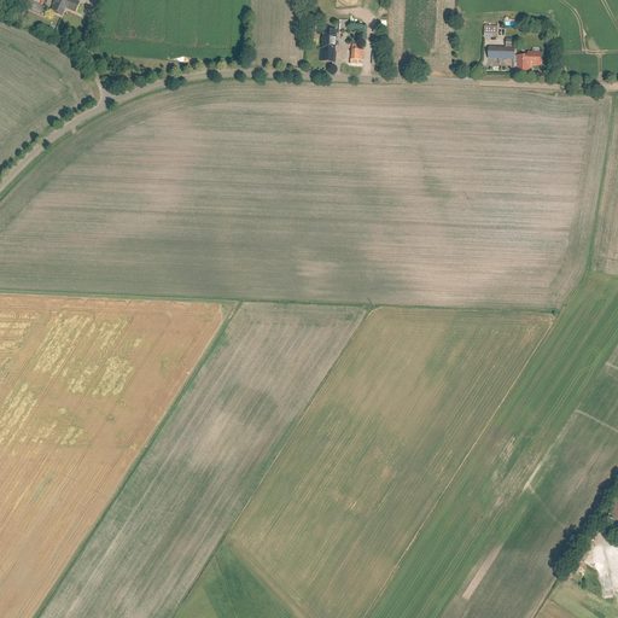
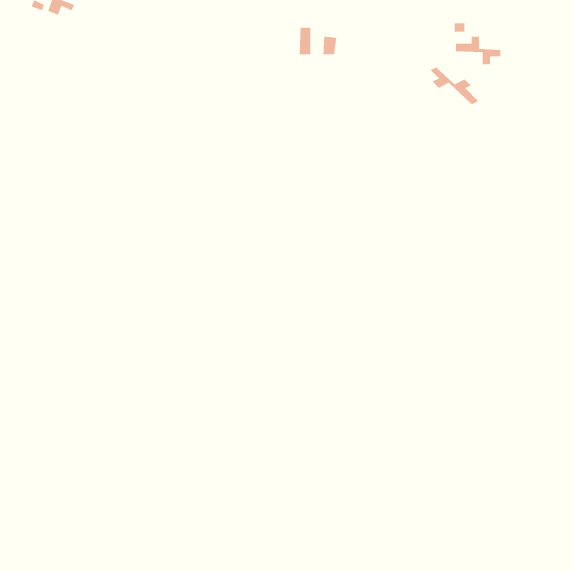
building: none -> [430,66,479,105]

